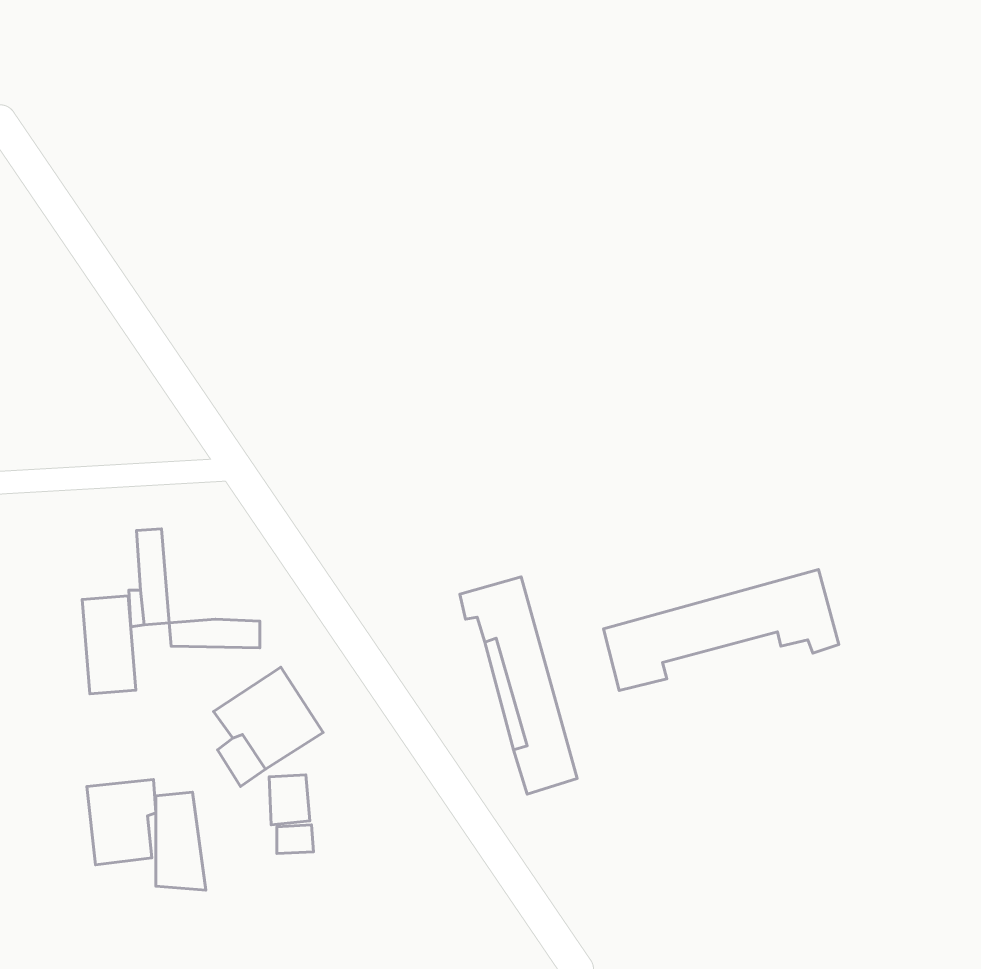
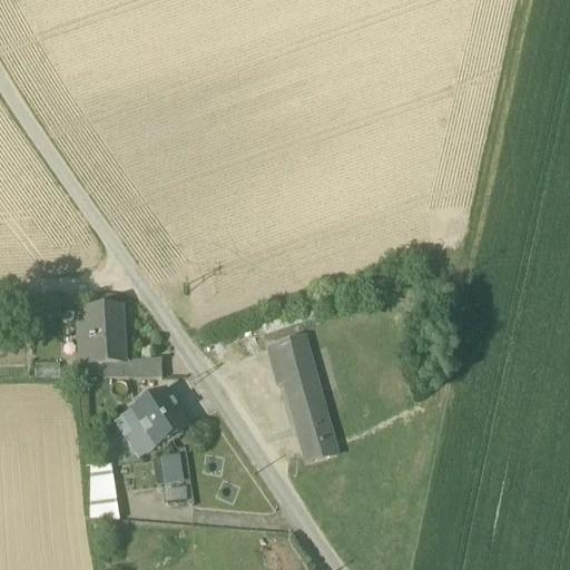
building: [604,569,839,691] -> none
building: [82,596,136,694] -> [95,304,126,361]
building: [87,780,156,865] -> none

